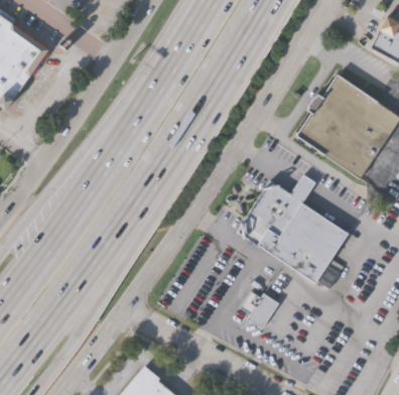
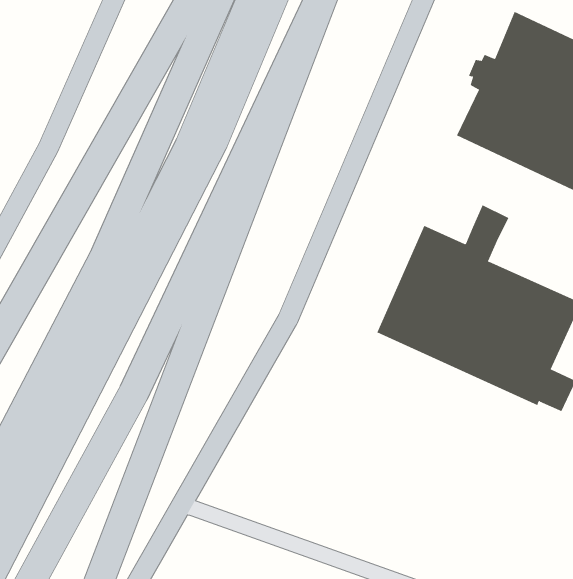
building: [240,291,278,328] -> none

